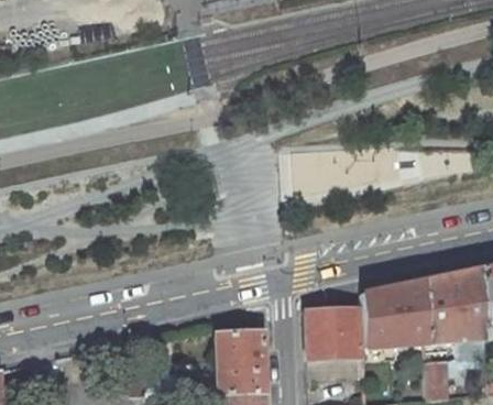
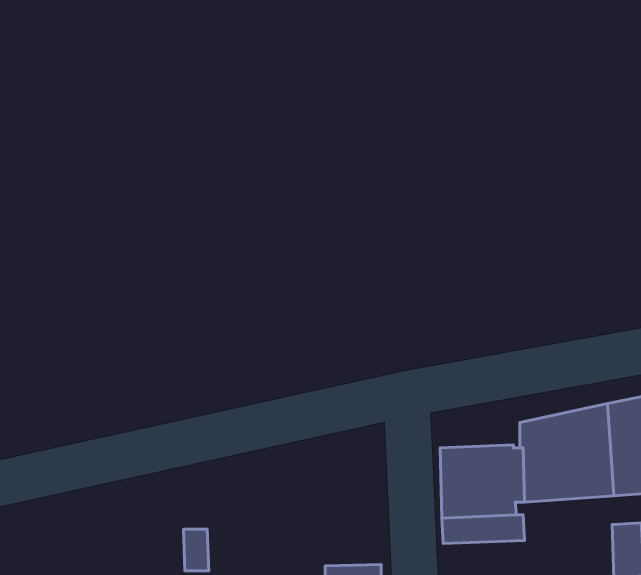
building: [216,331,265,393] -> none

